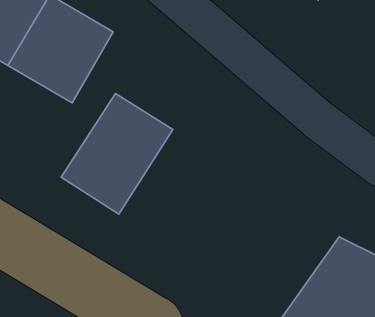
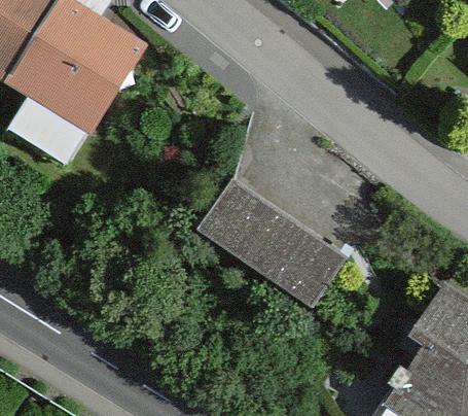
building: [61,93,173,214] -> none
building: none -> [203,182,356,314]

